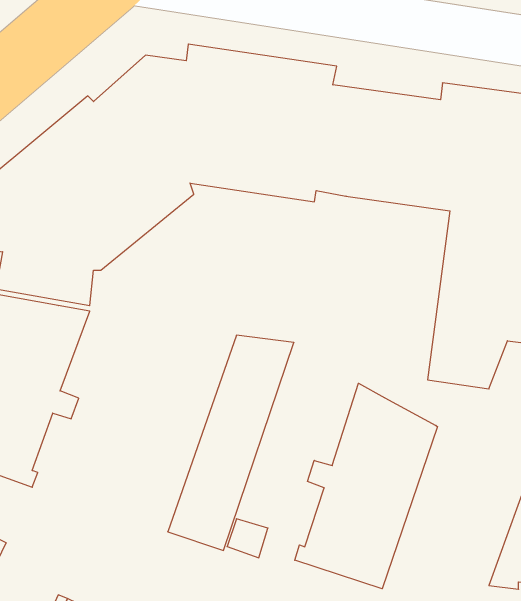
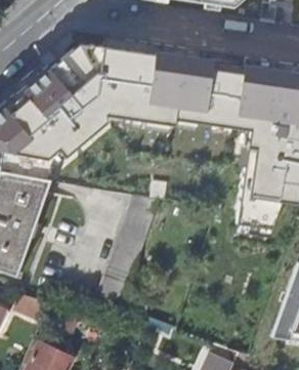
building: [295,383,437,589] -> none

